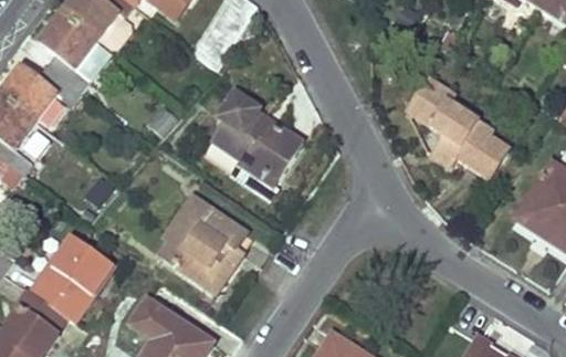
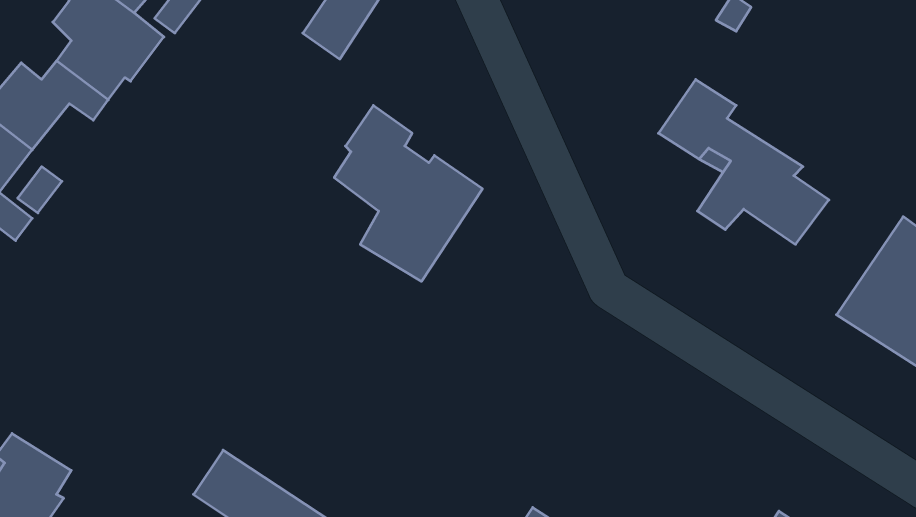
building: [161,197,248,286] -> none
building: [22,233,107,317] -> none

